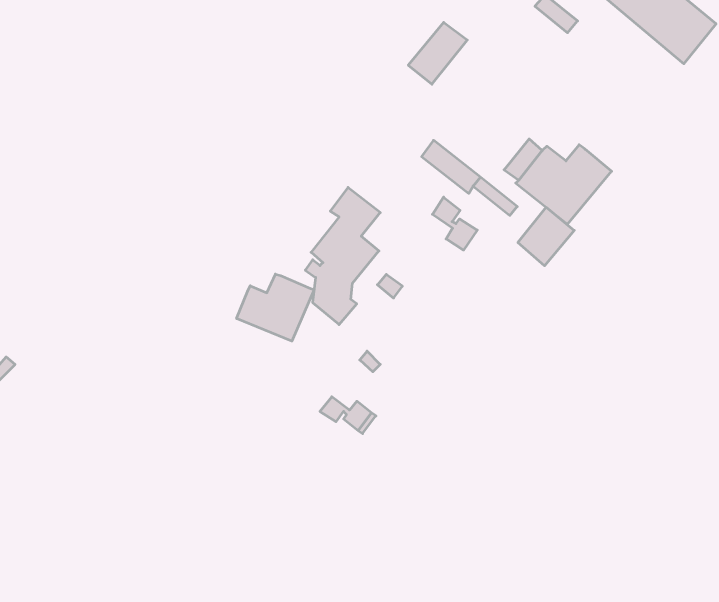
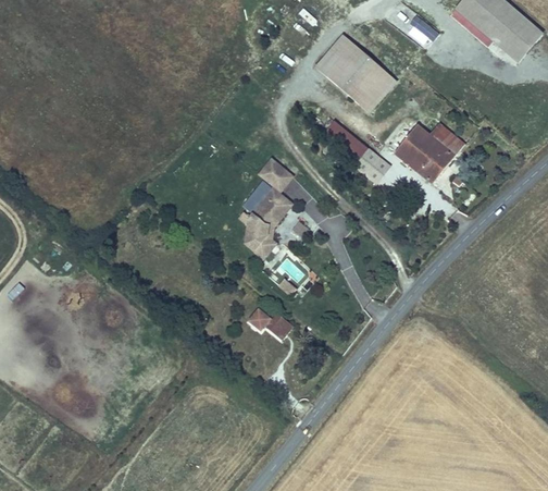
building: none -> [332,47,396,111]
building: [432,197,477,250] -> none
building: [518,207,574,266] -> none
building: [237,274,314,341] -> none

